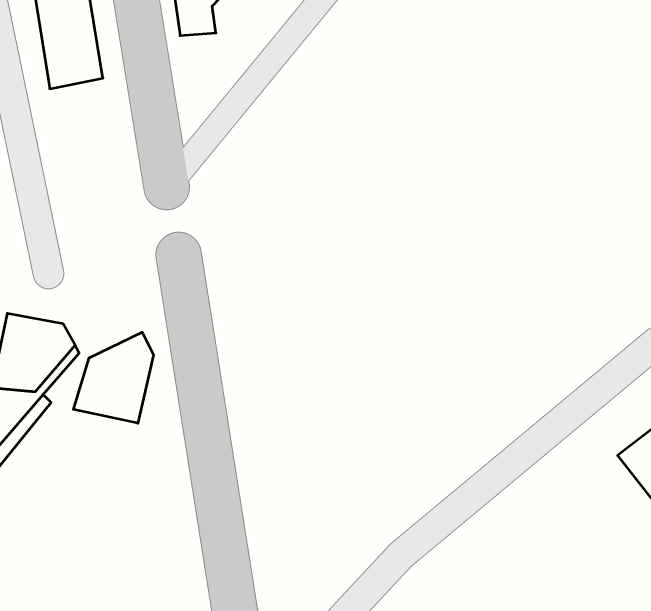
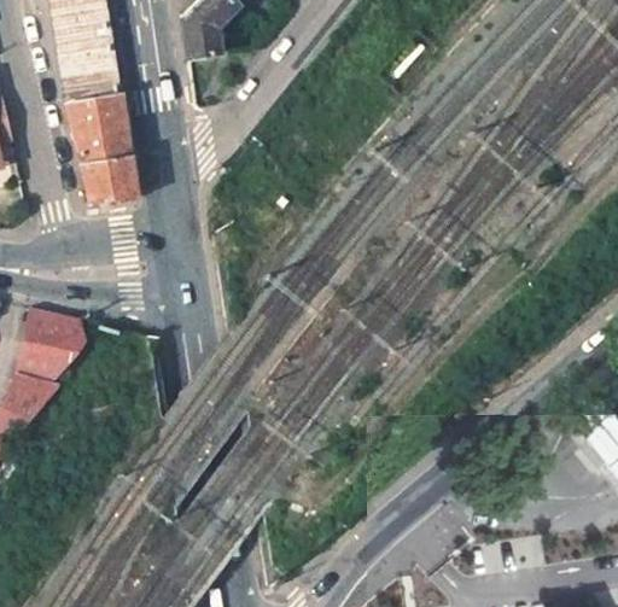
building: none -> [68,91,134,203]
building: [73,332,154,423] -> none

